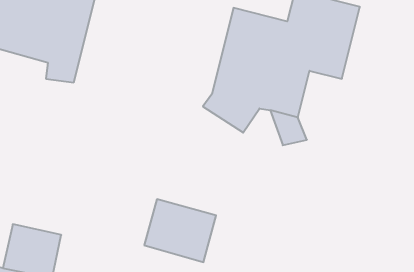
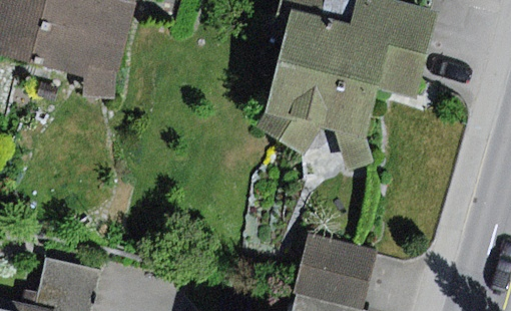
building: [144,199,216,262] -> [293,234,373,304]

